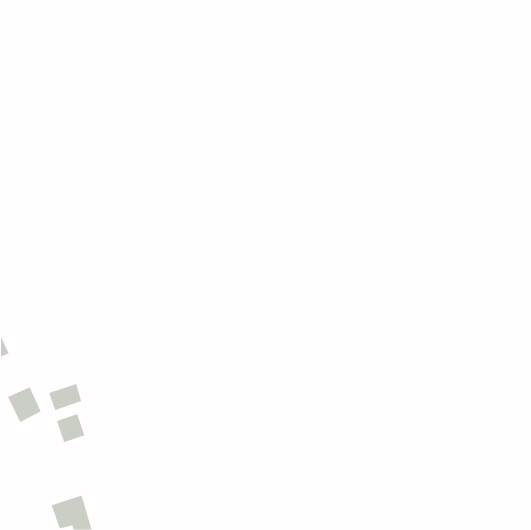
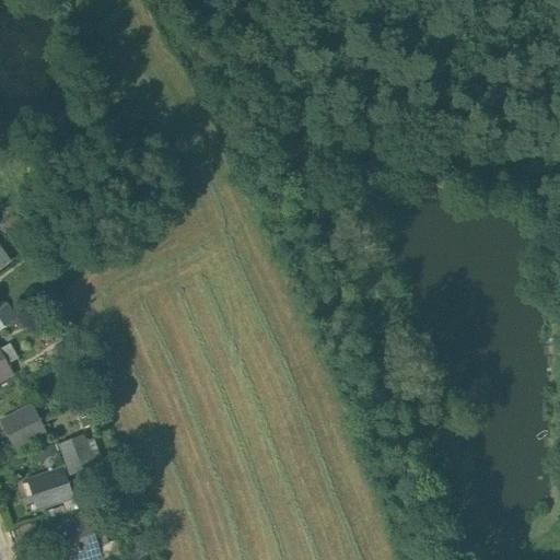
building: [48,383,82,411] -> none
building: none -> [36,468,70,504]

